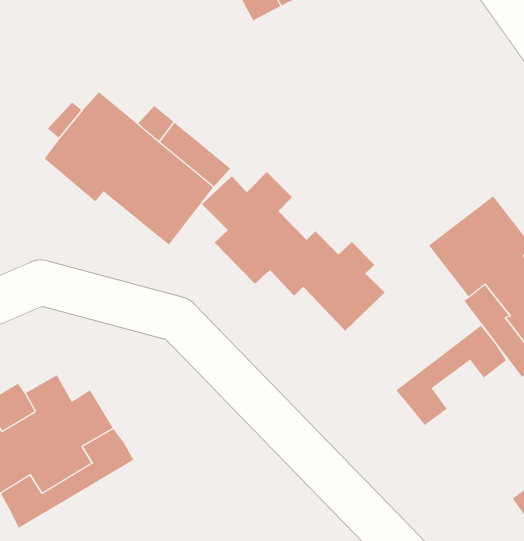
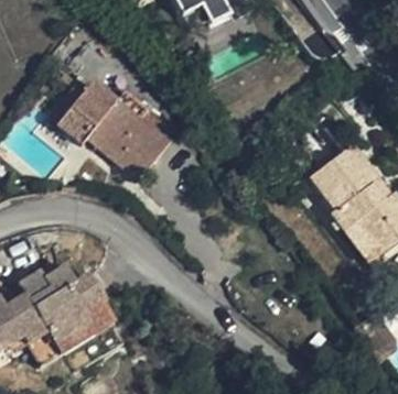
building: [201,171,385,332] -> none
building: [395,325,507,426] -> none

